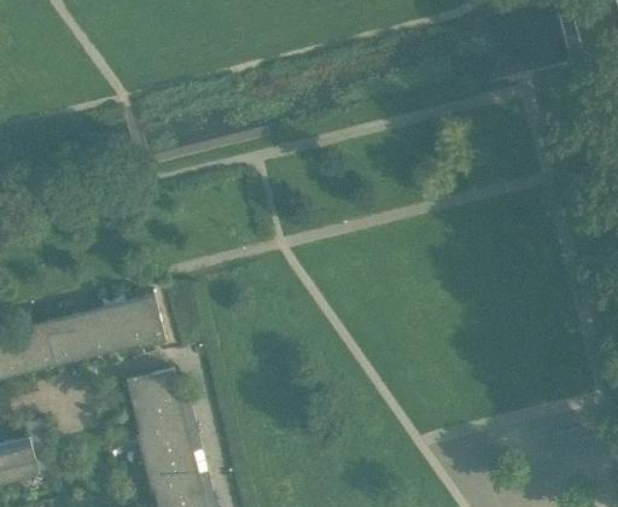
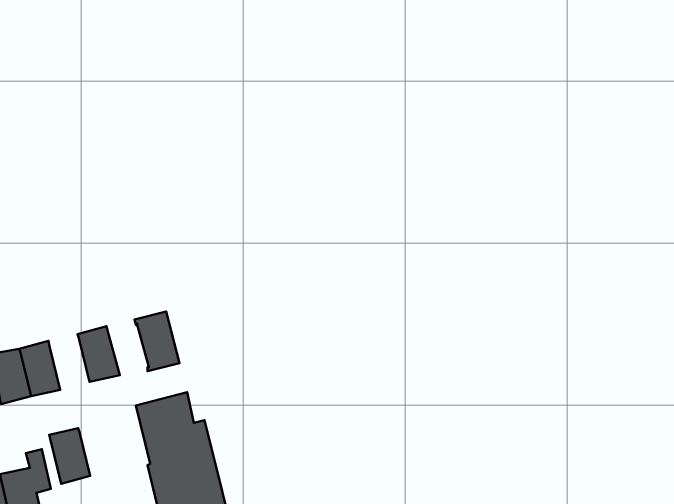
building: [98,303,136,354] -> none
building: [45,316,82,367] -> [49,428,90,484]

